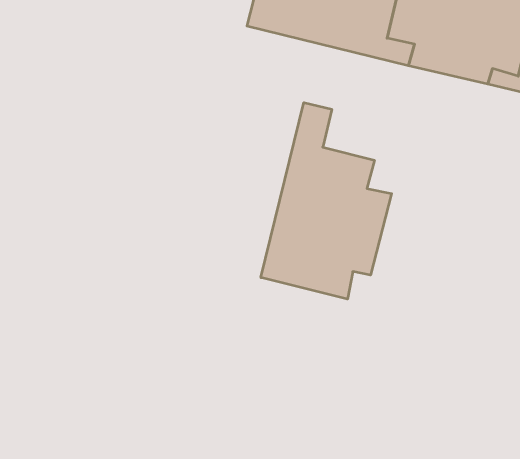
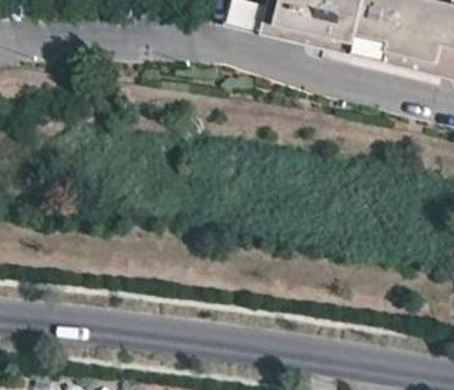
building: [261,103,392,299] -> none

